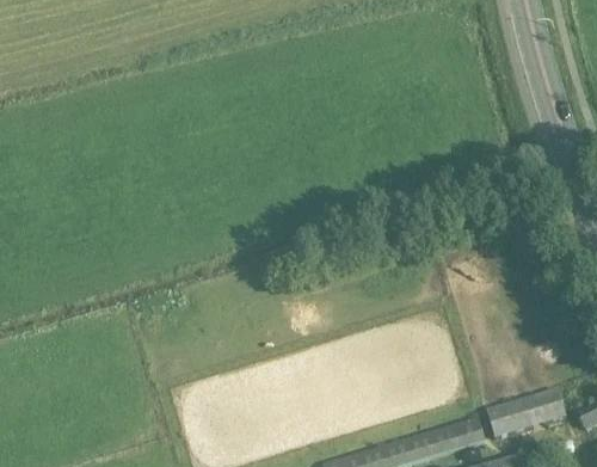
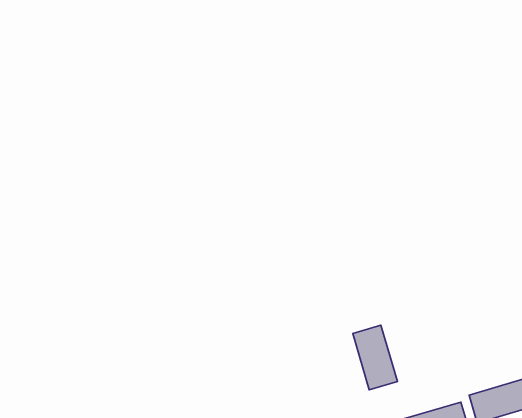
building: none -> [353,325,397,390]

